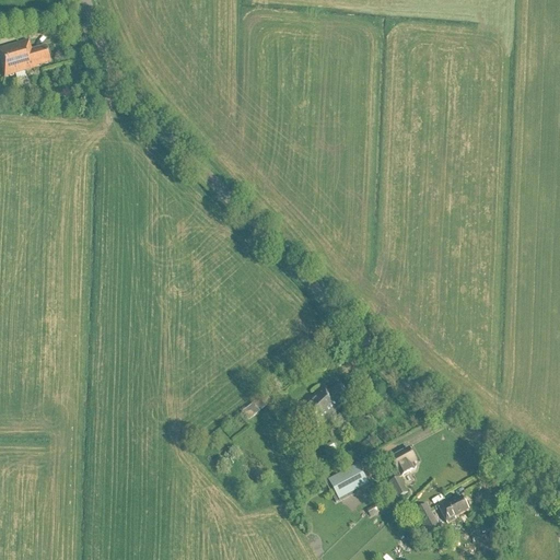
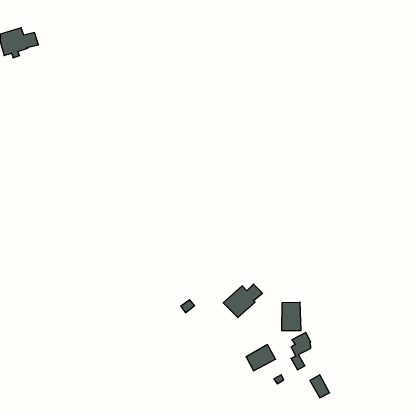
building: none -> [282,302,301,331]
building: [440,494,470,521] -> none

